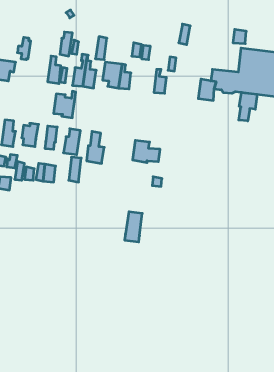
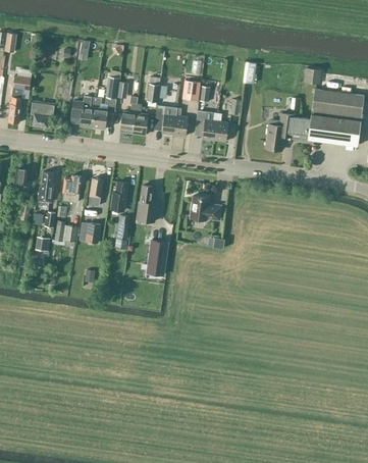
building: none -> [195,110,217,140]
building: [54,91,76,118] -> [70,97,96,127]
building: [239,92,257,121] -> none
building: [125,212,142,242] -> [147,240,167,274]

